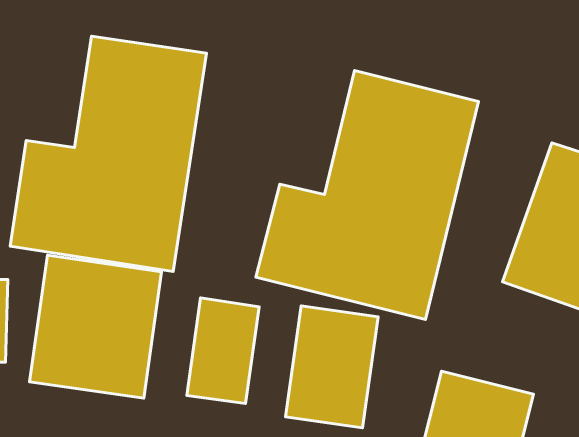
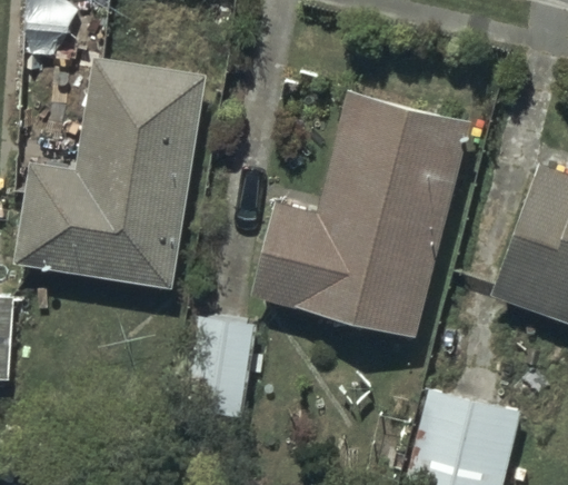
building: [30,255,162,398] -> none
building: [286,306,378,428] -> none

